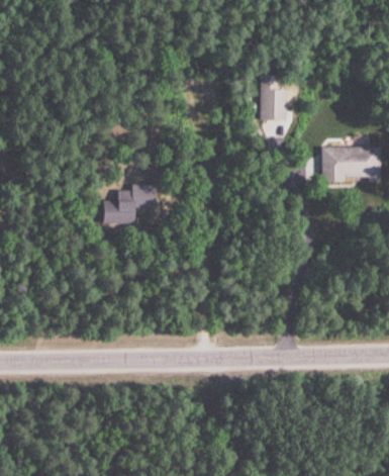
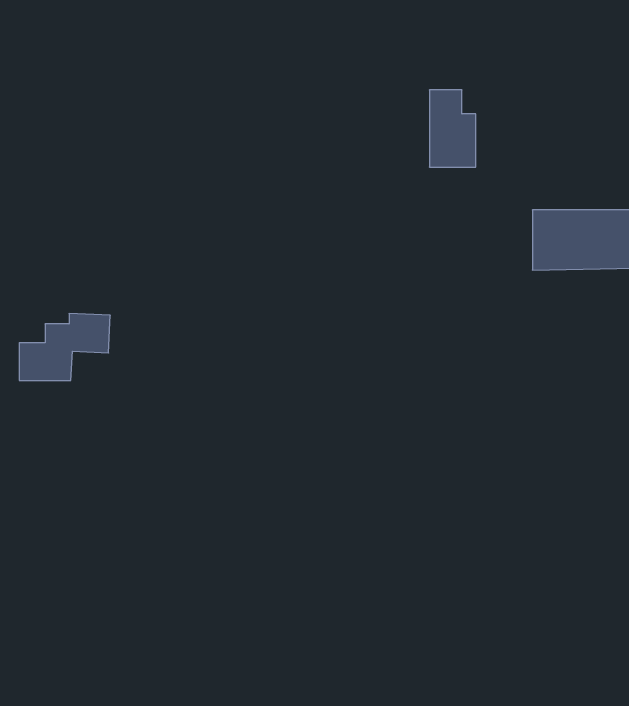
building: [103,184,157,223] -> [19,314,110,380]

